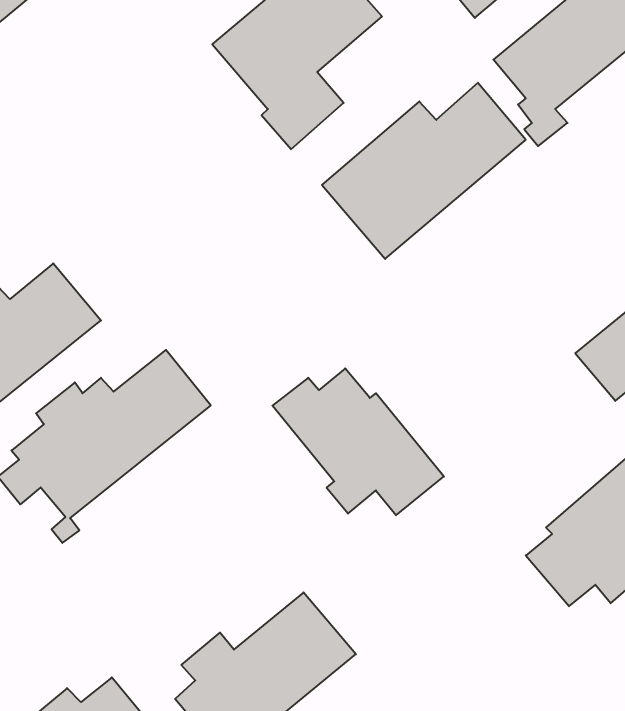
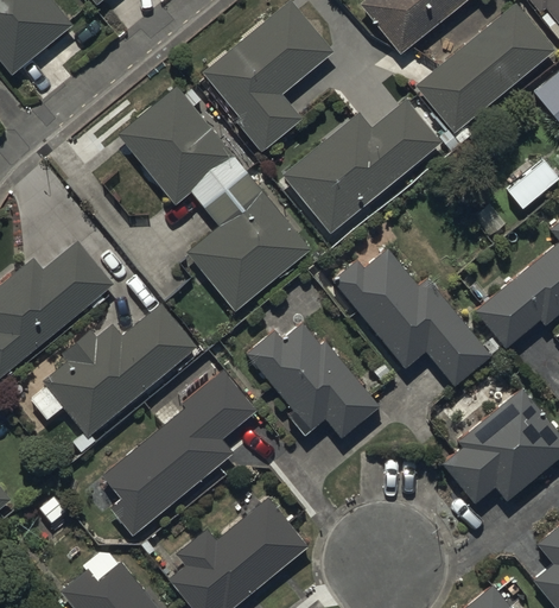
building: none -> [115,86,307,311]
building: none -> [334,248,491,385]
building: none -> [106,369,261,534]

